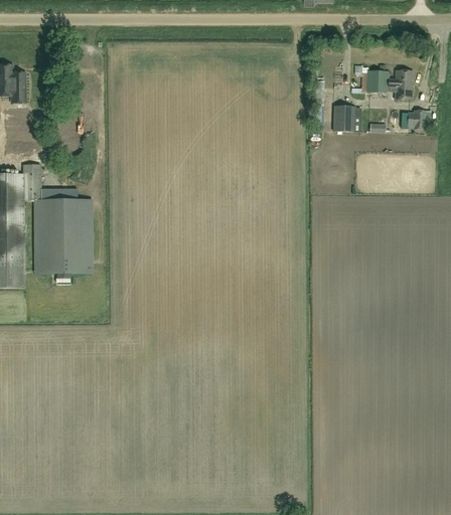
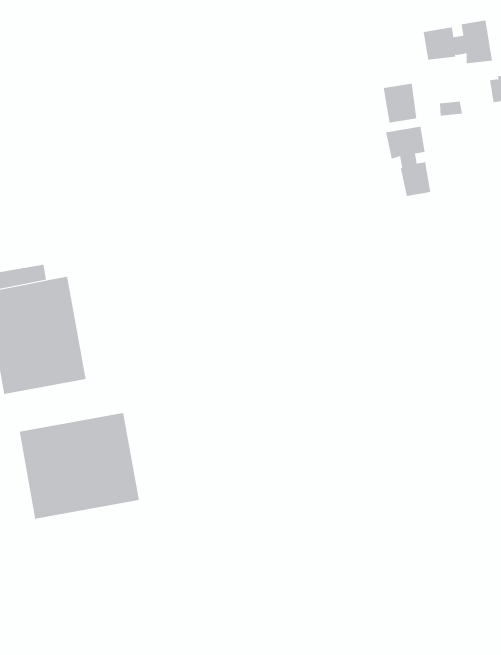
building: none -> [386,126,431,197]
building: none -> [19,412,139,520]

